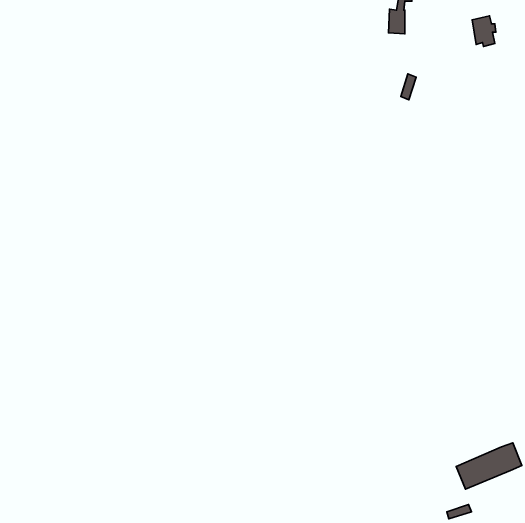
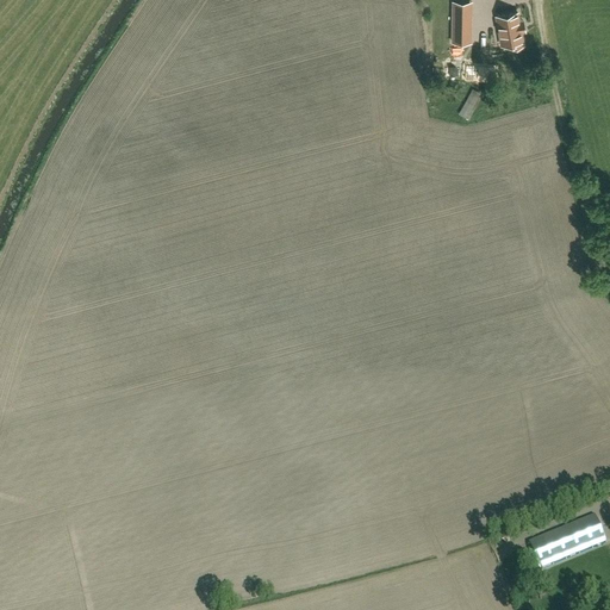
building: [472,16,496,47] -> [497,10,524,45]

